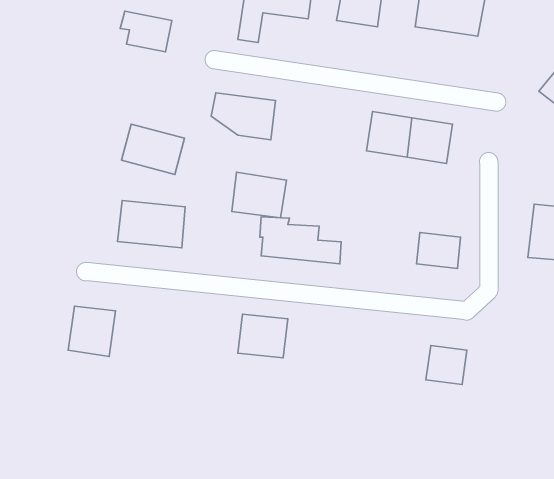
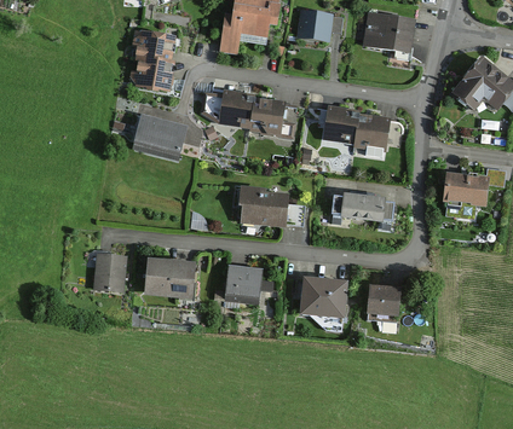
building: none -> [132,54,173,88]
building: [232,172,287,218] -> [248,98,290,133]
building: [118,201,185,248] -> [145,261,197,297]
building: none -> [330,196,363,224]
building: none -> [298,282,345,319]

